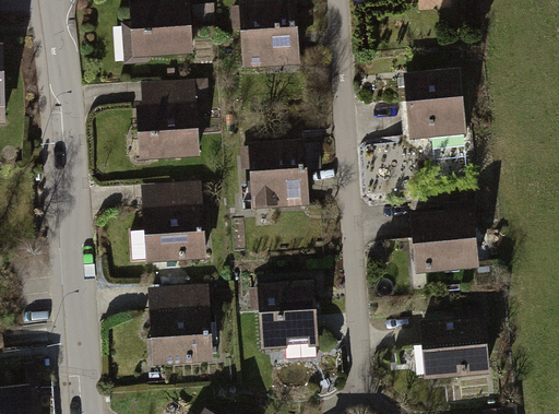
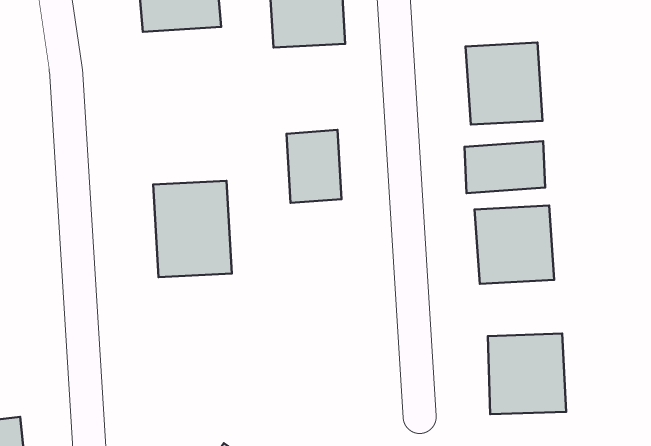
building: [142,78,204,158] -> none
building: none -> [464,141,545,193]
building: [260,284,319,355] -> none
building: [148,285,212,368] -> none

